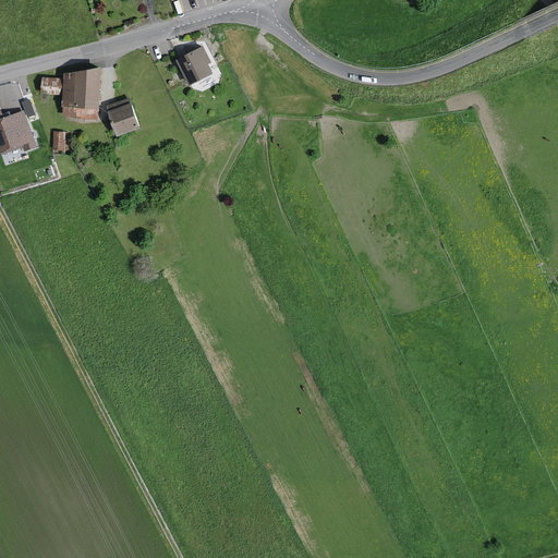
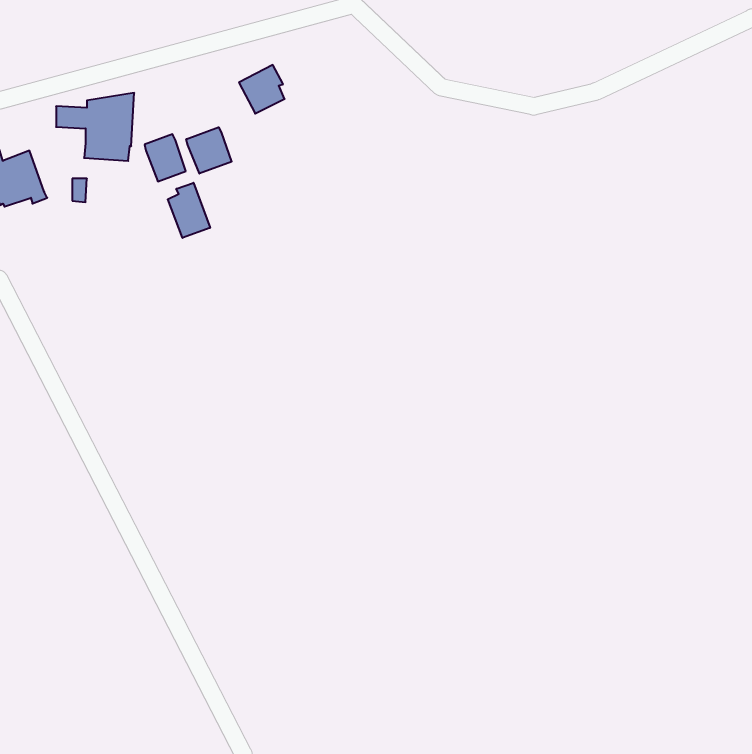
building: none -> [186,127,232,174]
building: none -> [168,183,210,238]

